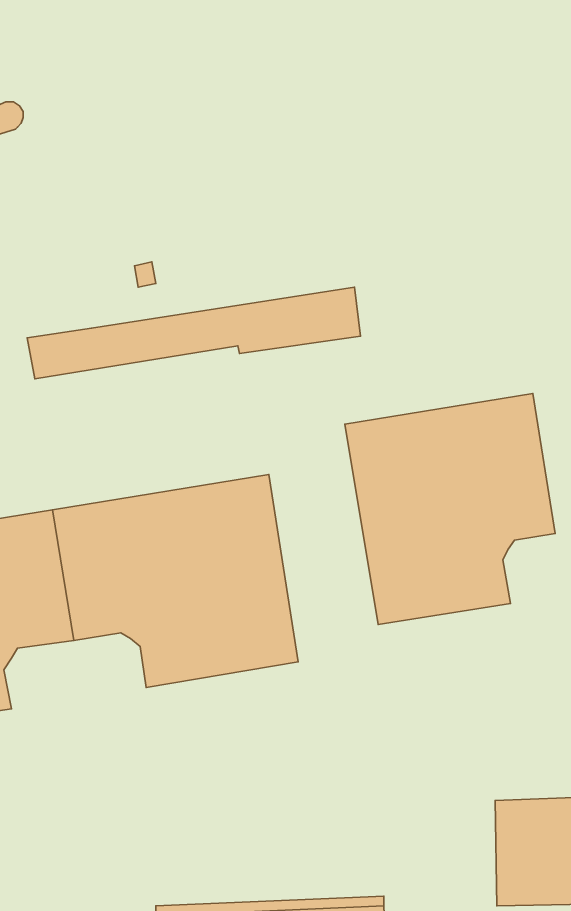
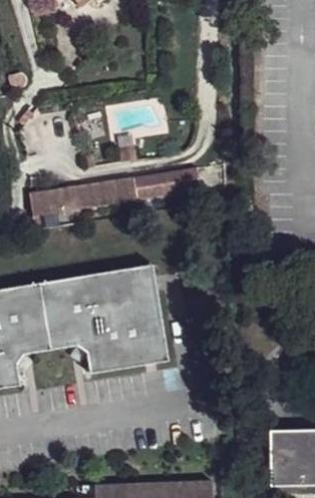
building: [345,394,555,624] -> none

